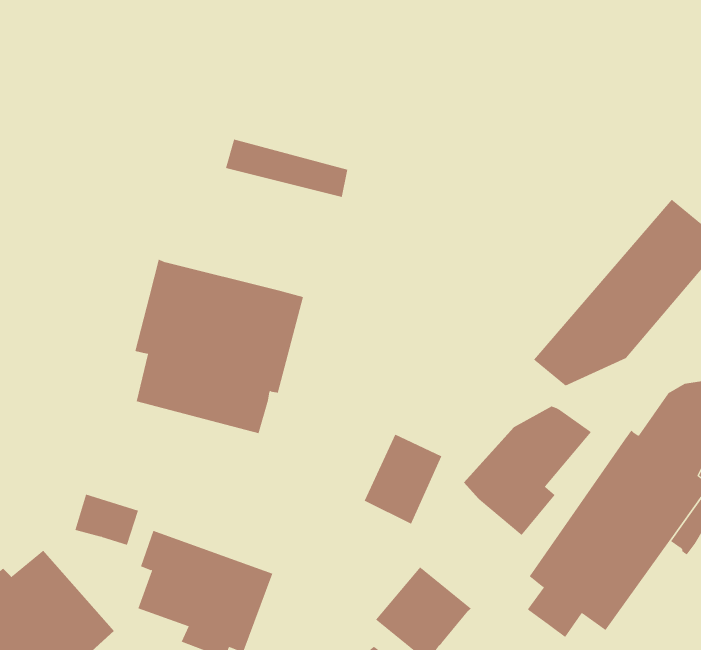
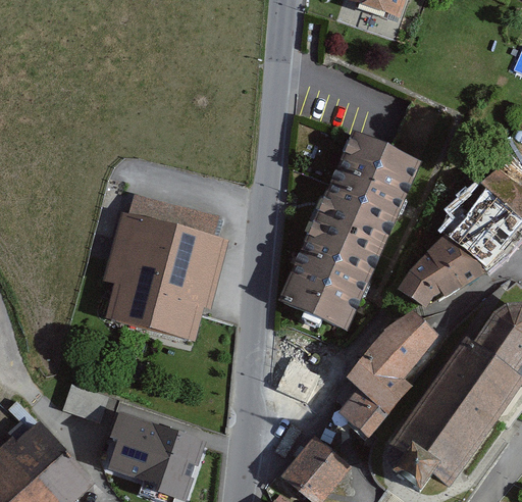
building: [225,139,348,198] -> [127,194,217,237]
building: none -> [281,135,417,328]
building: none -> [340,389,387,438]

